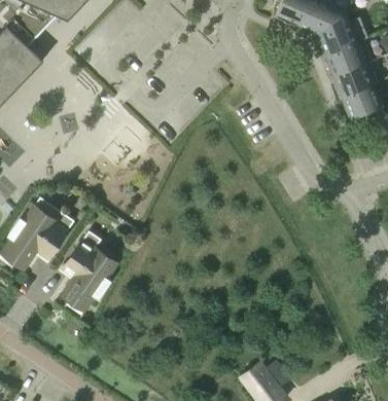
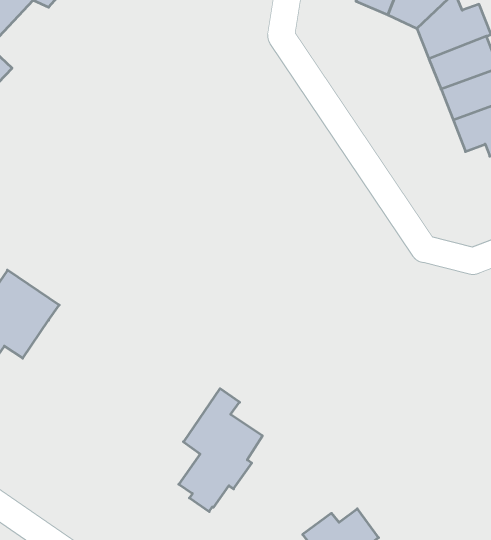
building: [61,229,117,313] -> [179,389,262,512]

